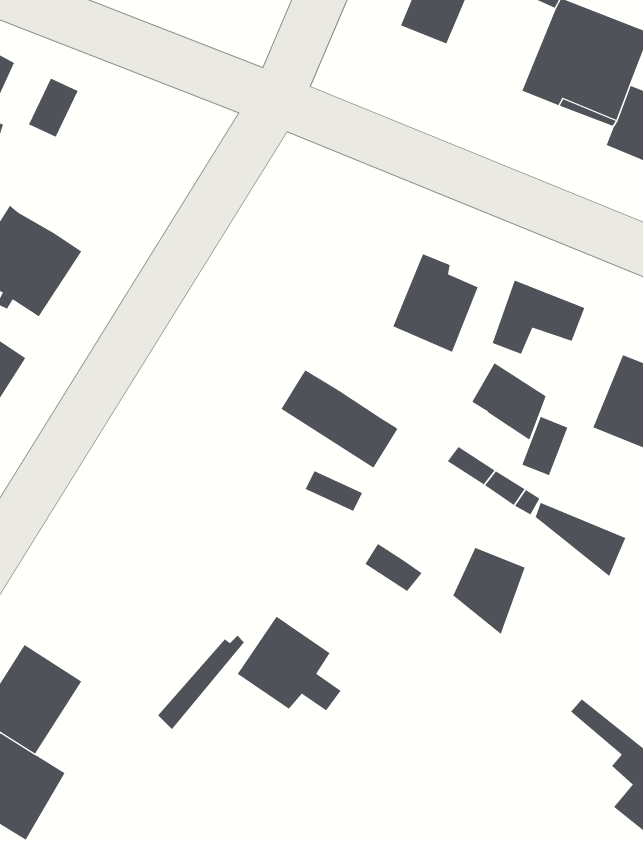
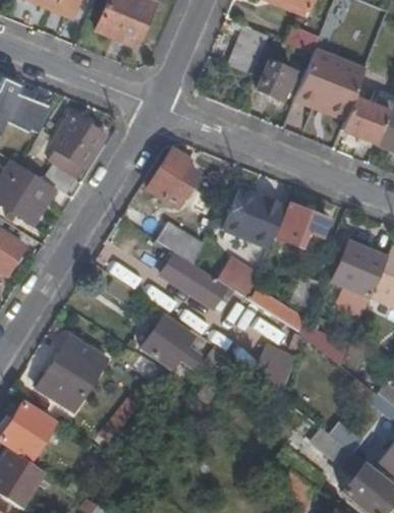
building: none -> [258,60,294,99]
building: none -> [40,116,105,194]
building: none -> [149,149,200,207]
building: none -> [157,219,203,263]
building: [472,363,546,441] -> [218,256,259,299]
building: none -> [38,345,94,412]
building: [237,616,342,711] -> [144,316,201,367]

